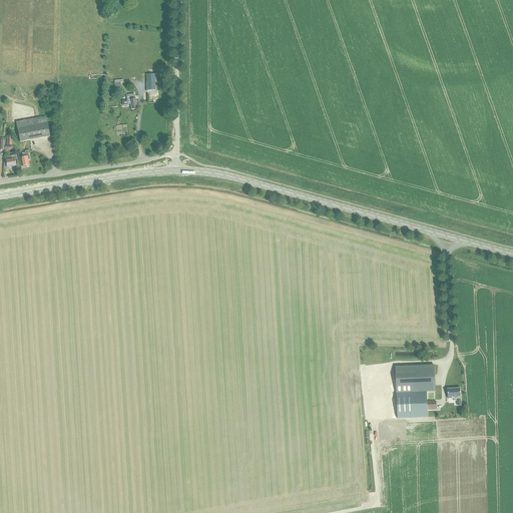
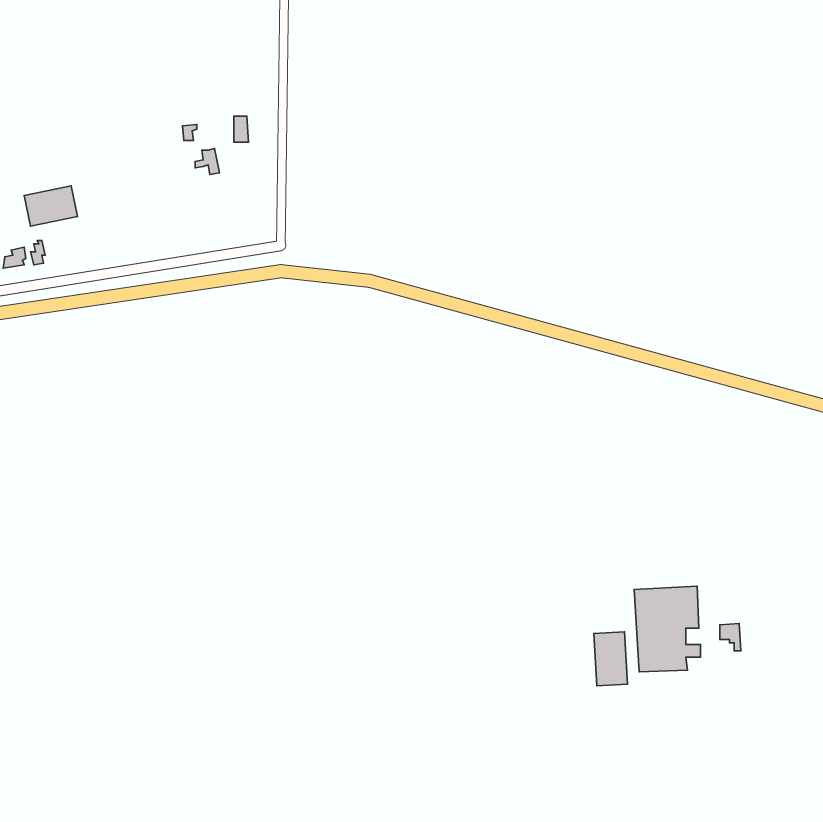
building: none -> [594,632,627,686]

